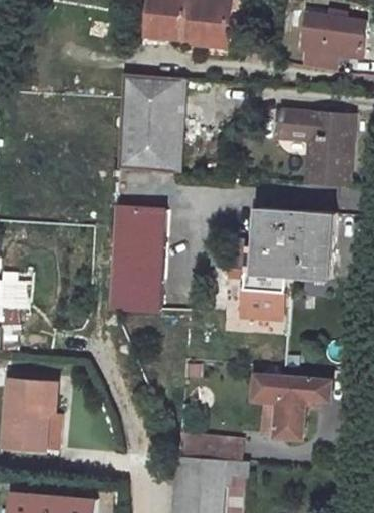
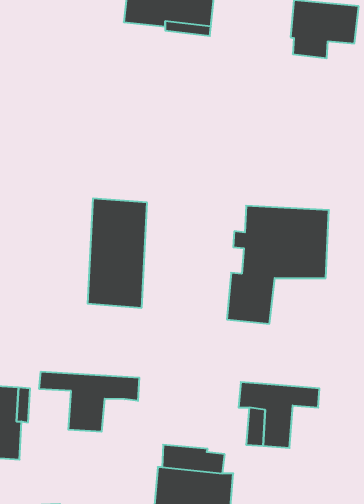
building: [116,73,181,174] -> none
building: [279,106,354,186] -> none
building: none -> [39,372,139,432]

